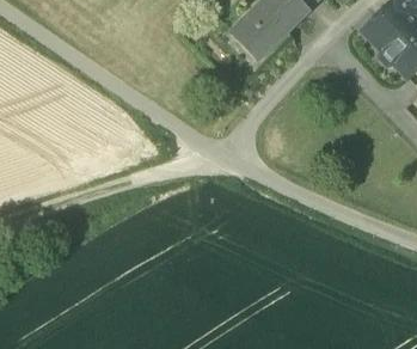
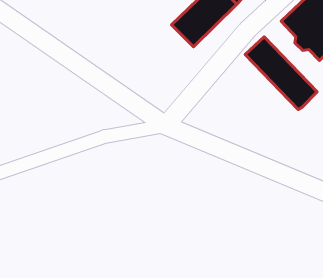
building: none -> [245,37,317,110]

